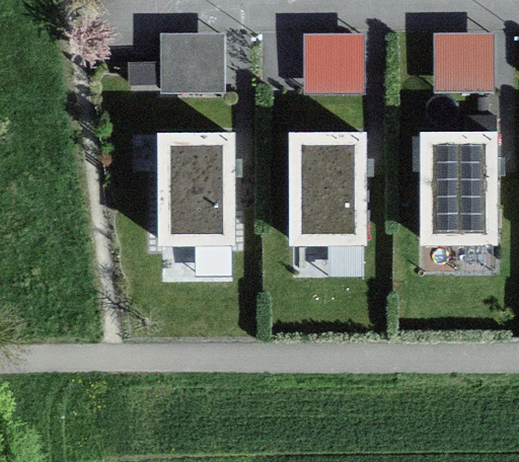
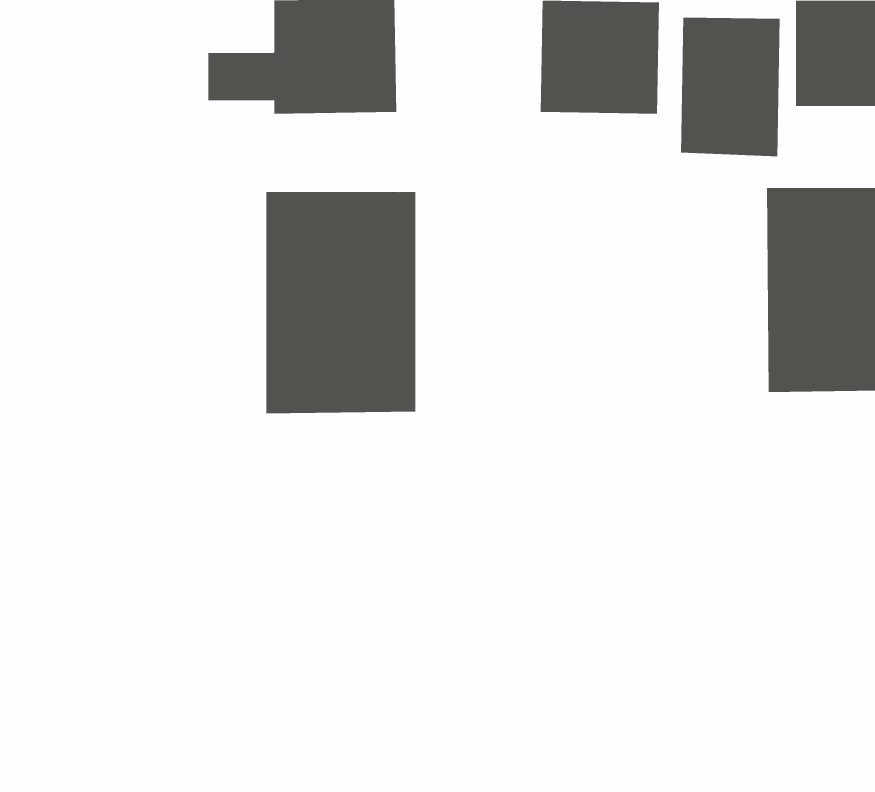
building: none -> [681,17,780,157]
building: [288,135,365,251] -> none

